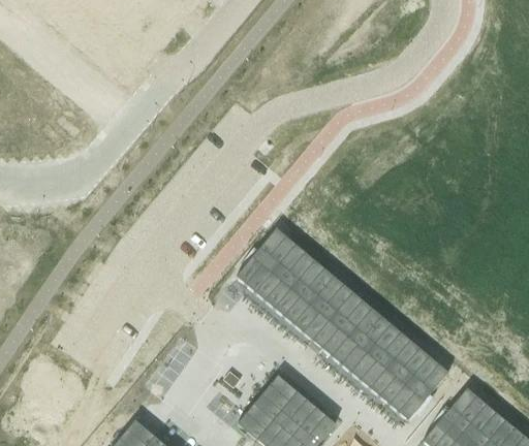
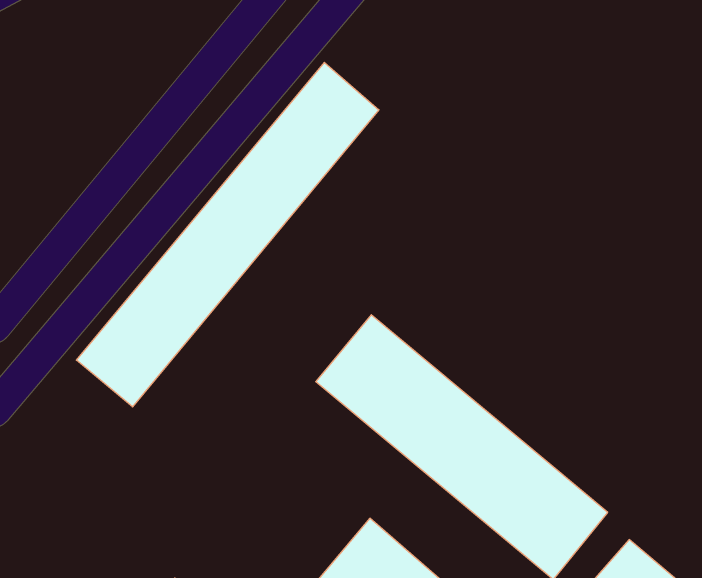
building: none -> [76,62,379,407]

